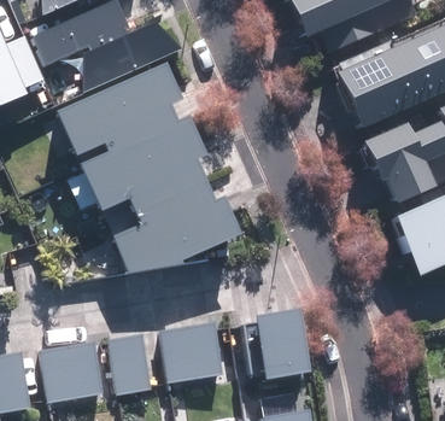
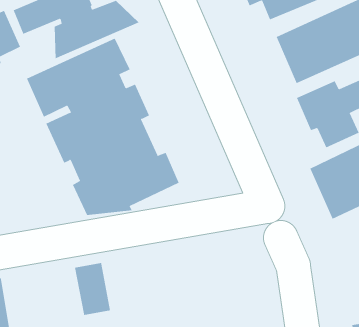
building: [251,311,304,382] -> none
building: [160,322,221,386] -> none
building: [41,340,103,402] -> none

